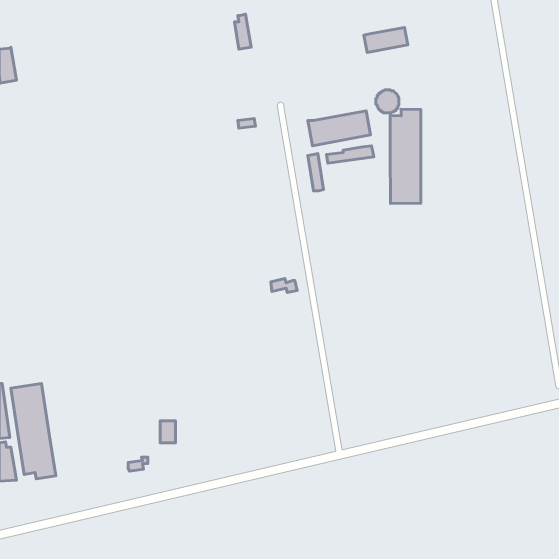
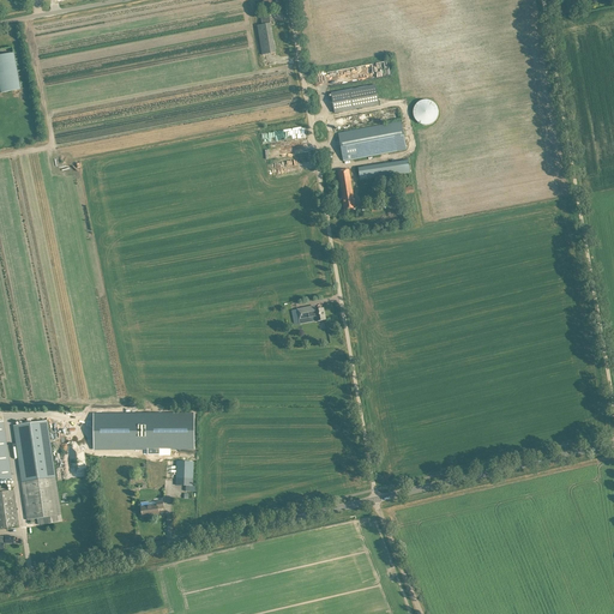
building: [364,27,408,53] -> [330,84,378,112]
building: [390,109,421,203] -> none
building: none -> [92,413,193,453]

